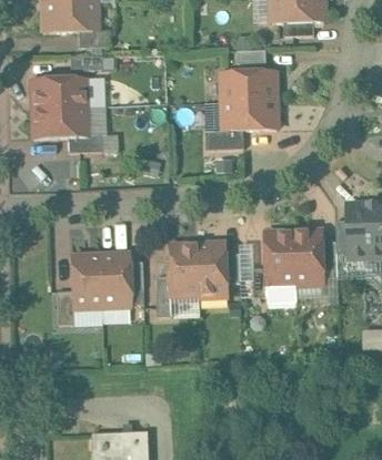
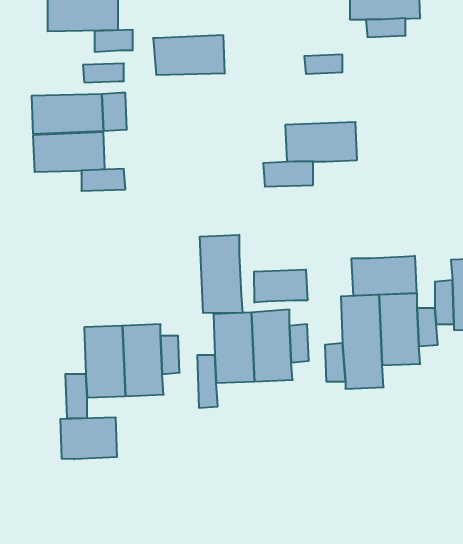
building: [221,70,275,100] -> [153,35,225,75]
building: none -> [200,235,243,313]
building: none -> [352,256,416,296]
building: none -> [254,269,307,303]
building: none -> [60,417,117,459]

